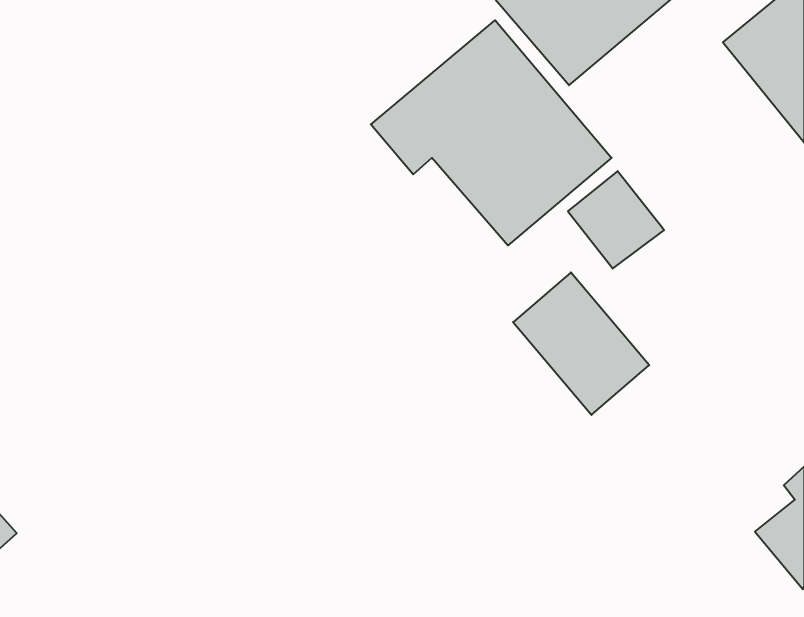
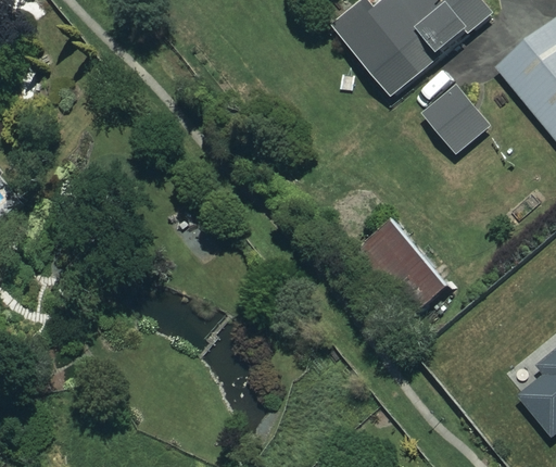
building: [371,20,612,245] -> none
building: [568,171,664,269] -> [422,86,488,152]

